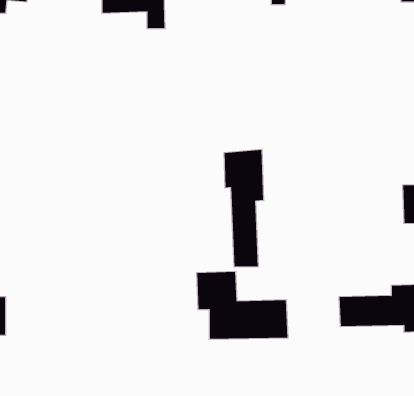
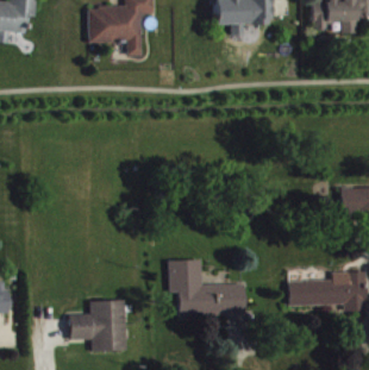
building: [224,149,264,267] -> none
building: none -> [70,300,126,351]

